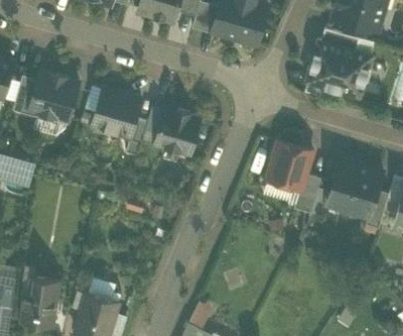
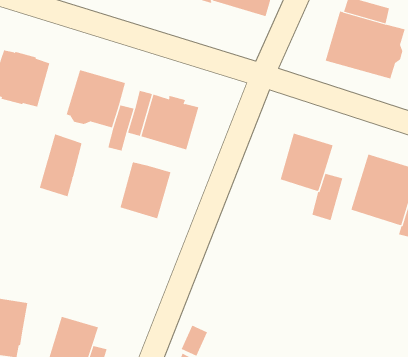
building: none -> [39,134,82,197]
building: none -> [120,162,171,219]

